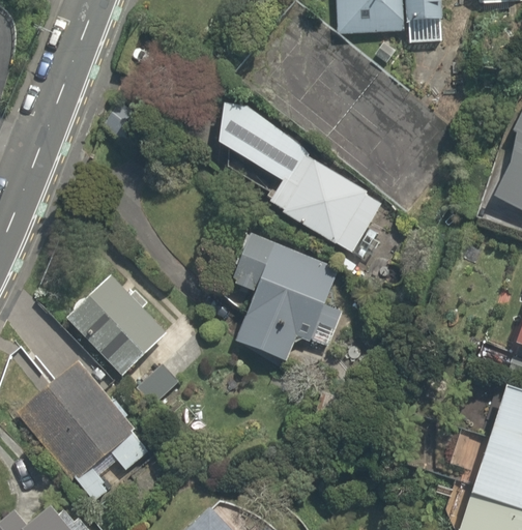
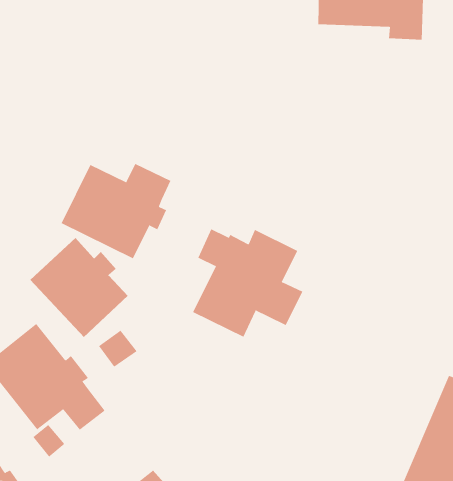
building: [212,104,385,256] -> none
building: none -> [61,163,171,259]

